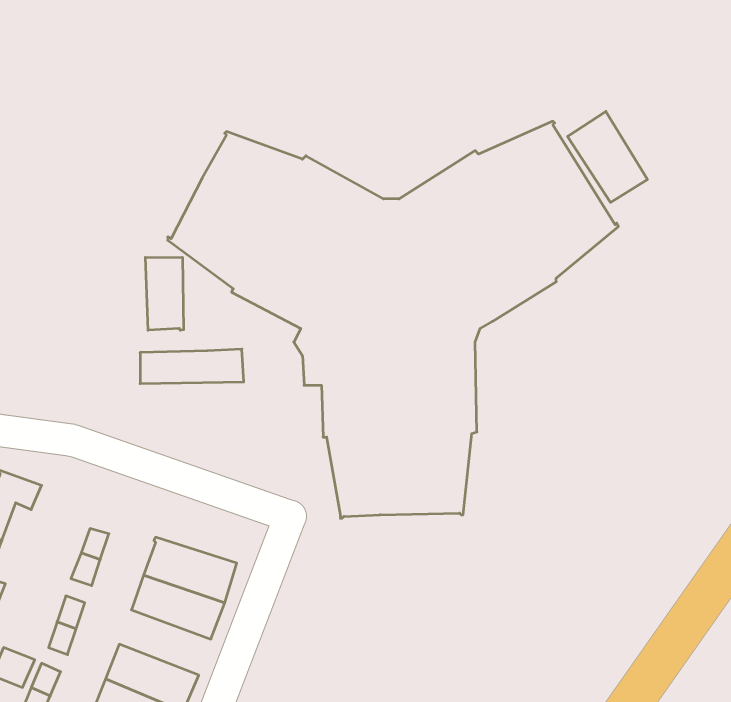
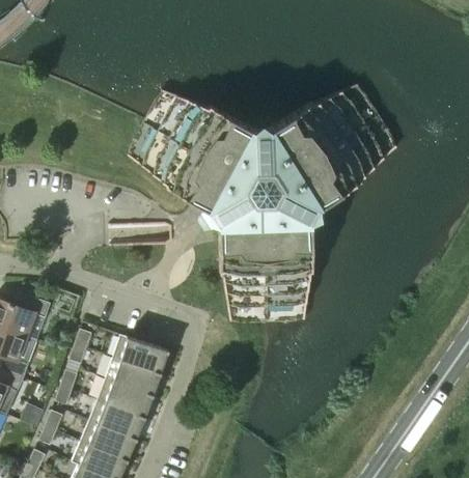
building: [568,111,647,202] -> none
building: [145,257,184,330] -> none
building: none -> [98,378,153,418]

